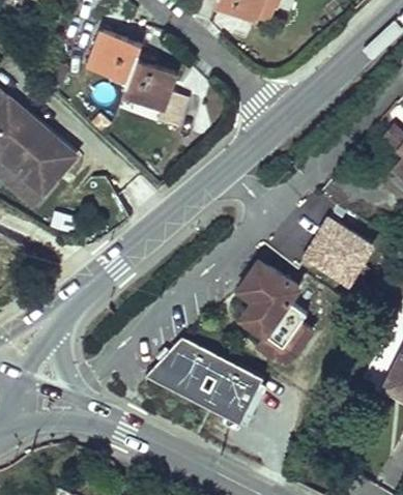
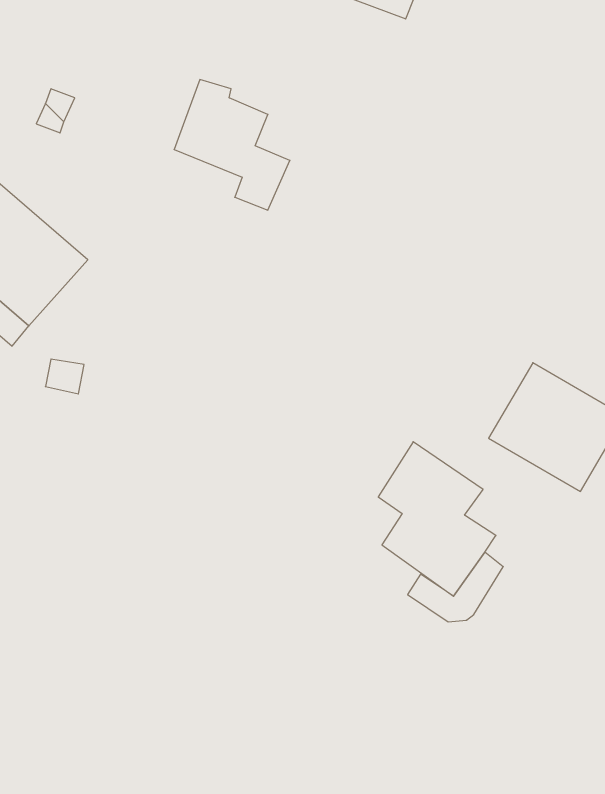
building: [88,30,141,86] -> none
building: [152,336,265,424] -> none

